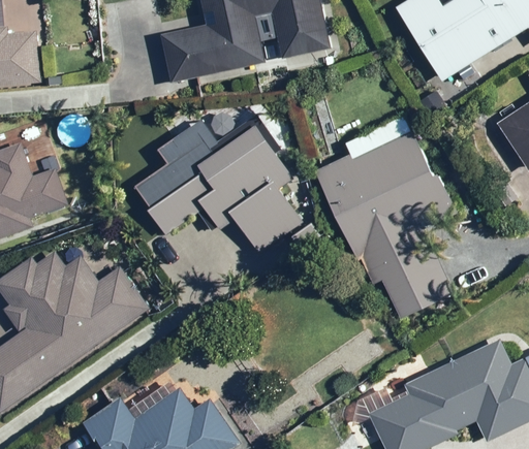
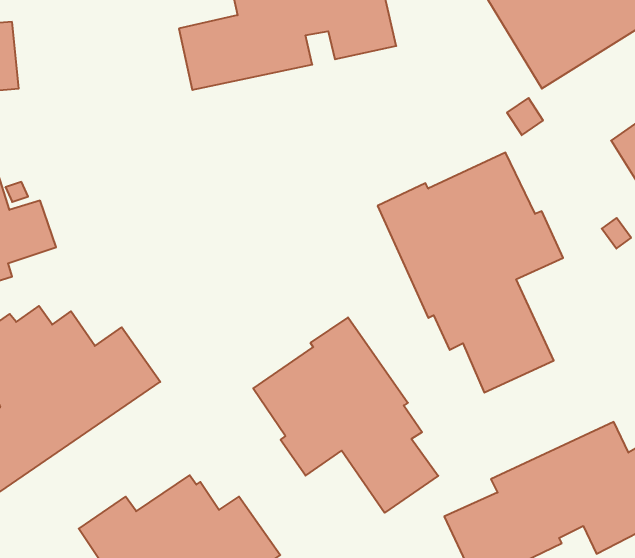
building: [136,114,302,253] -> none
building: none -> [253,317,438,513]

